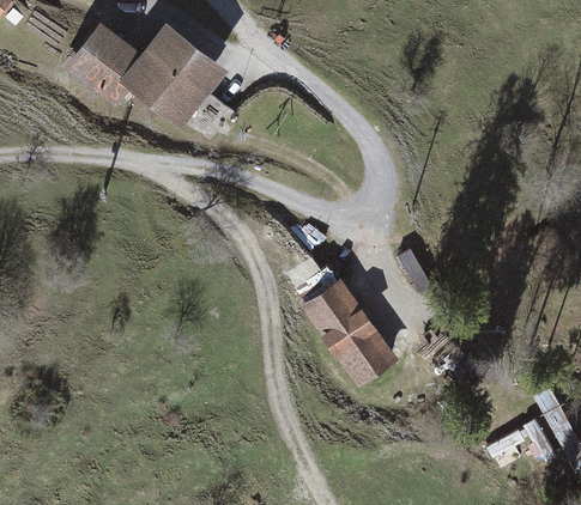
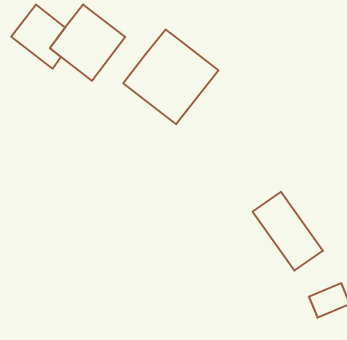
building: none -> [123,29,218,124]
building: [298,275,397,385] -> [253,192,323,271]

